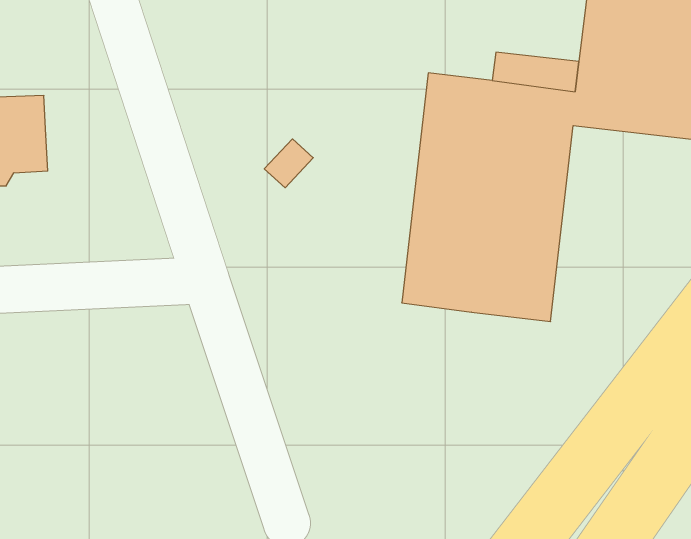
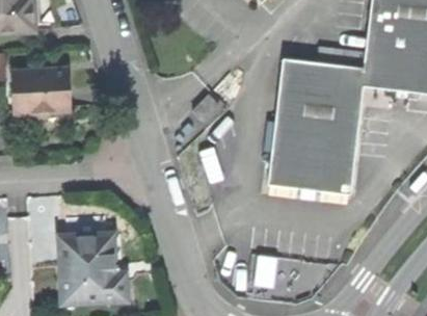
building: none -> [60,232,129,301]

